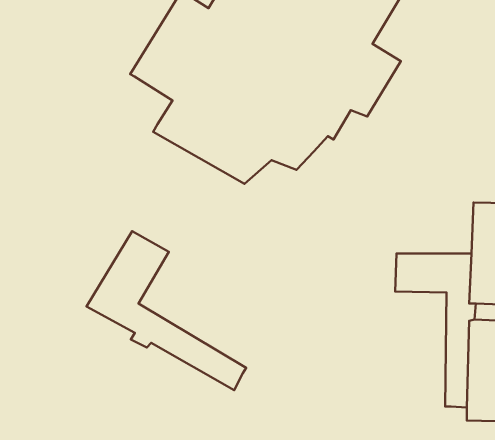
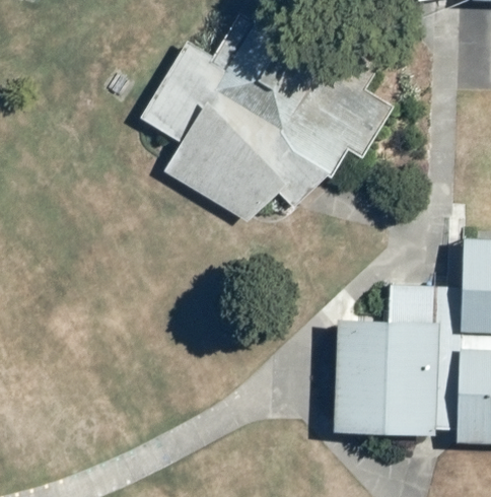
building: [86,231,246,390] -> none
building: none -> [333,318,436,435]

